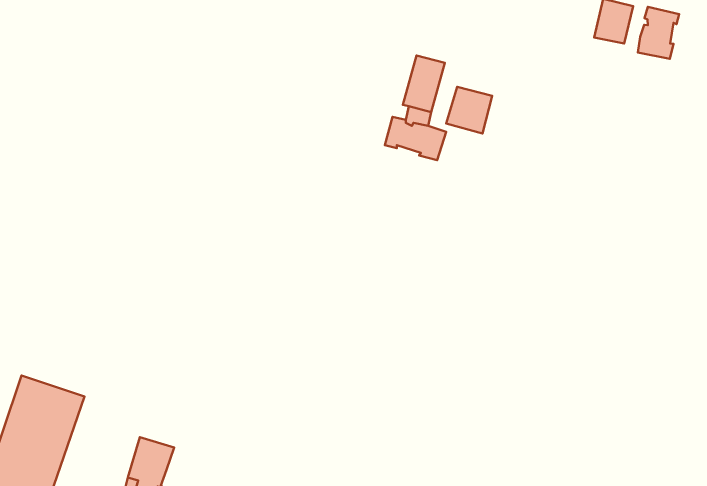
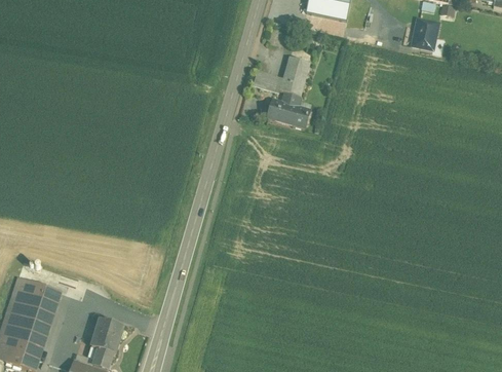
building: [638,7,679,59] -> none
building: [446,87,492,134] -> none

